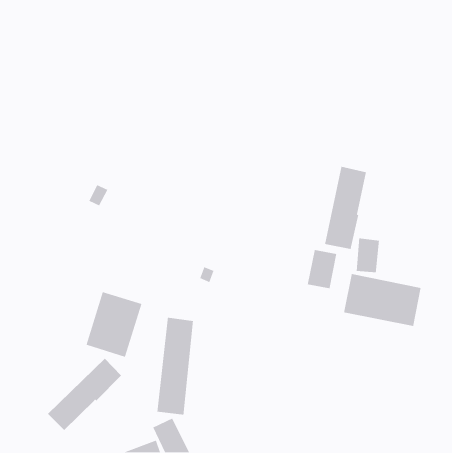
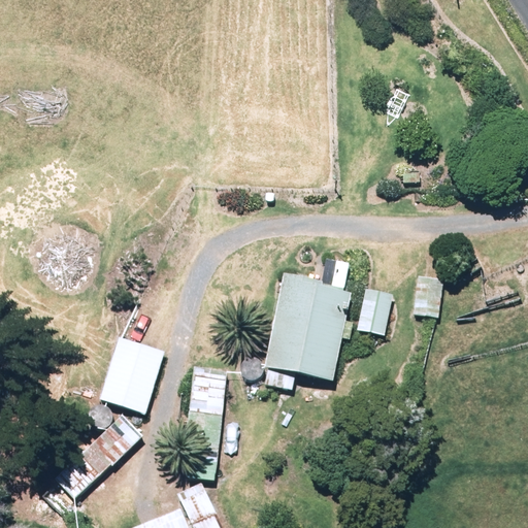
building: [324,166,367,250] -> none
building: none -> [264,259,353,389]
building: [343,273,422,327] -> none

